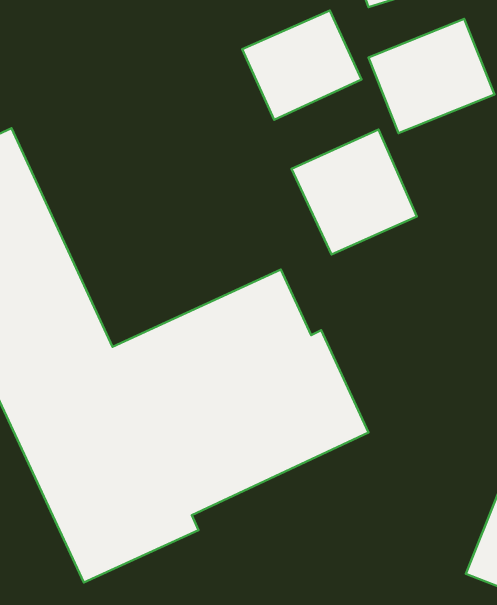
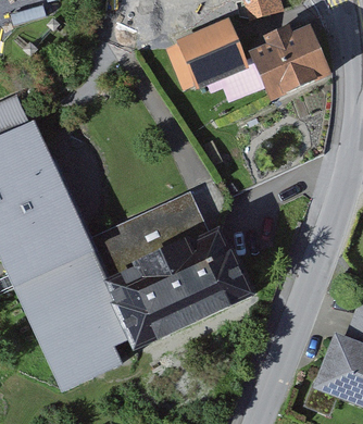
building: [292,129,417,255] -> none

